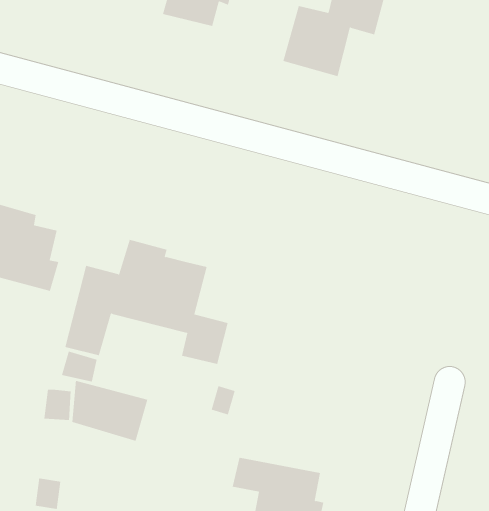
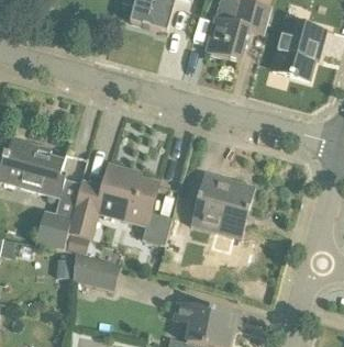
building: none -> [271,18,325,79]
building: none -> [190,171,255,237]
building: none -> [34,211,70,250]

